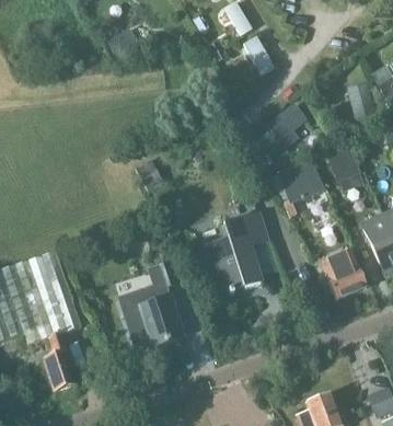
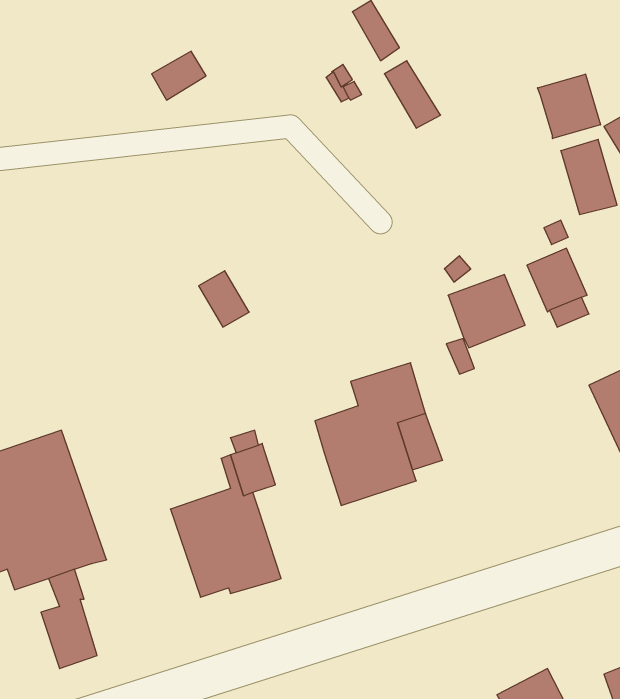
building: none -> [538,74,600,139]
building: [267,105,307,148] -> none
building: [320,250,366,299] -> none

